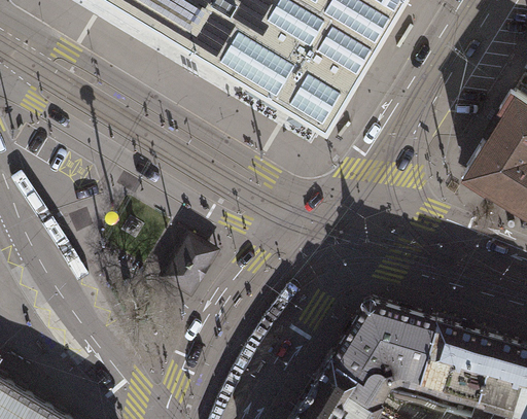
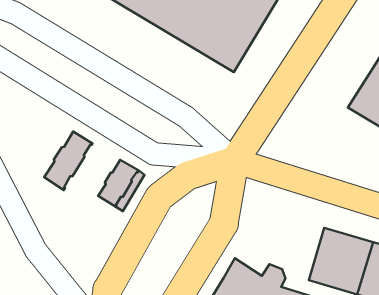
building: none -> [44,132,92,190]
building: [328,296,437,382] -> none

